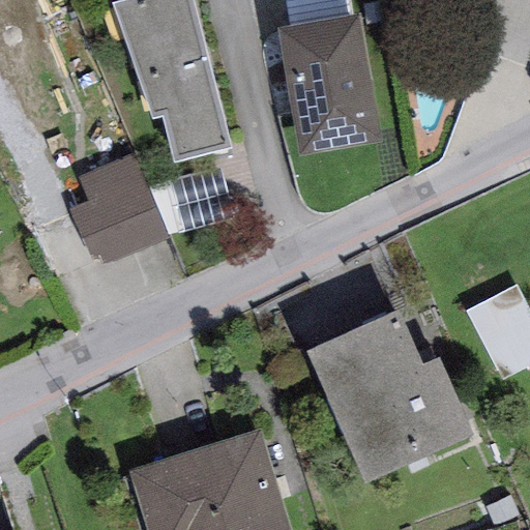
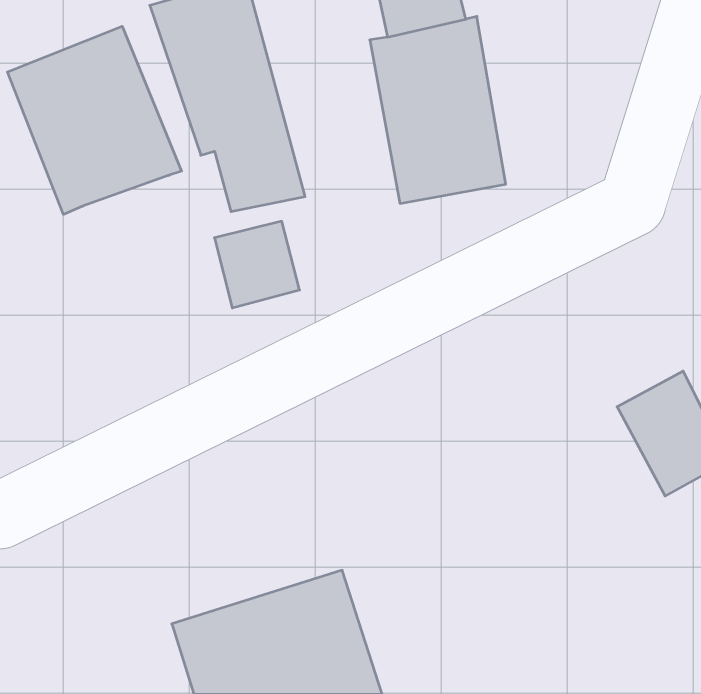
building: none -> [7,26,182,214]
building: [43,153,167,272] -> none
building: [307,313,474,485] -> none

